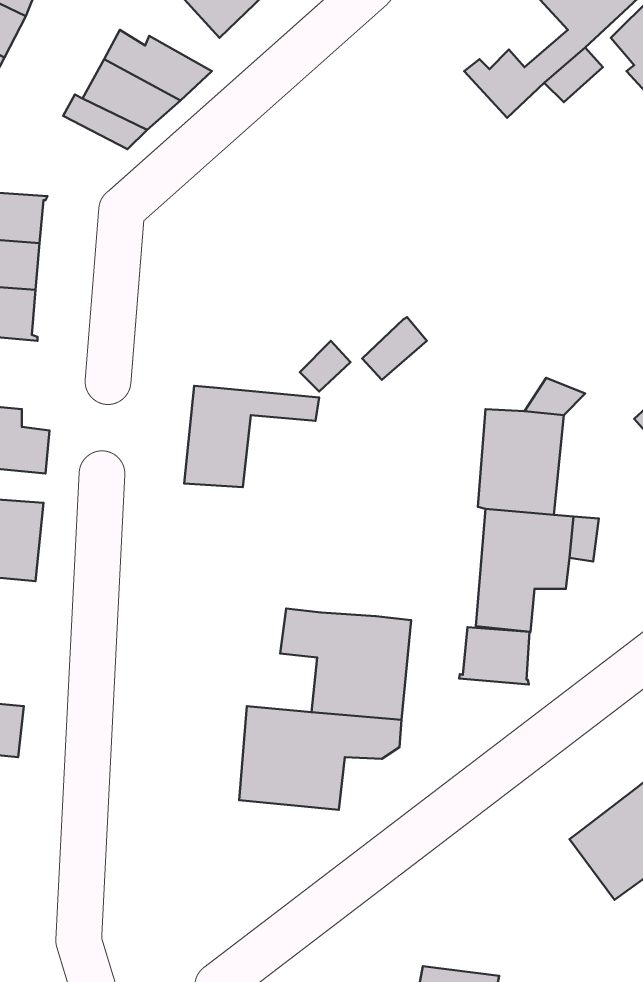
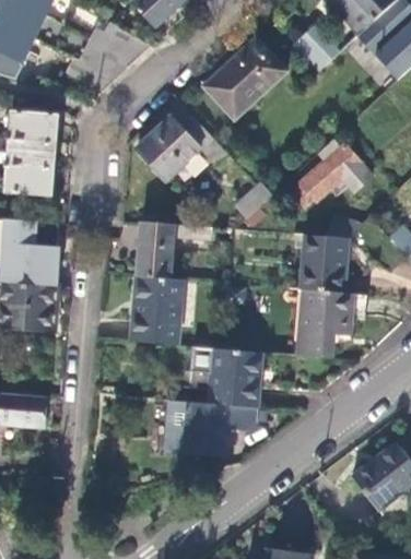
building: none -> [204,37,286,118]
building: none -> [136,105,226,181]
building: none -> [293,144,373,206]
building: none -> [130,275,183,344]
building: [459,627,530,684] -> none

